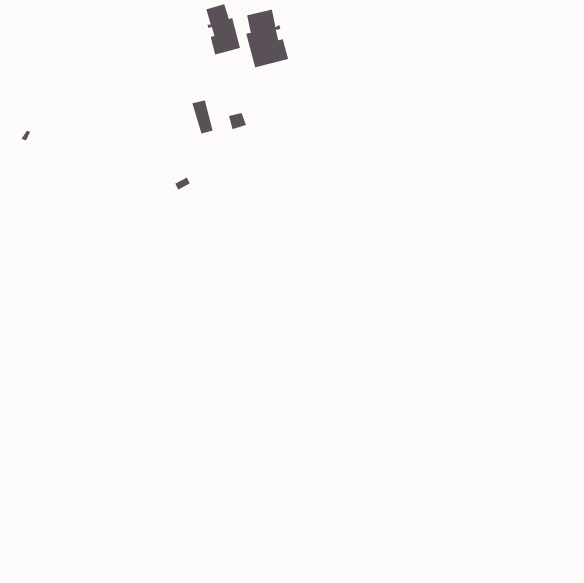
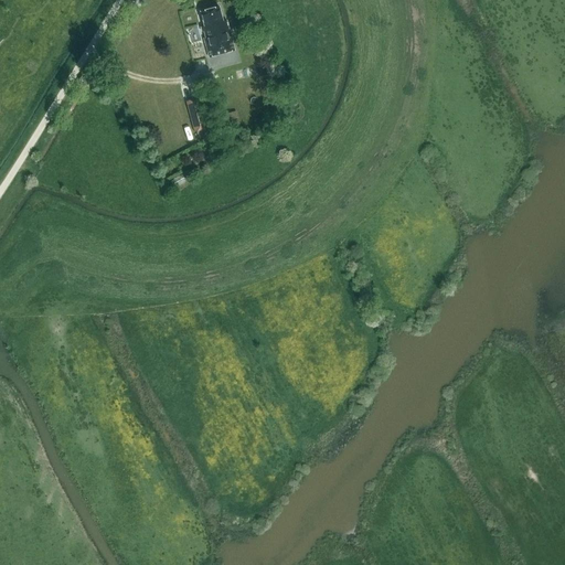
building: [246,9,289,68] -> none

